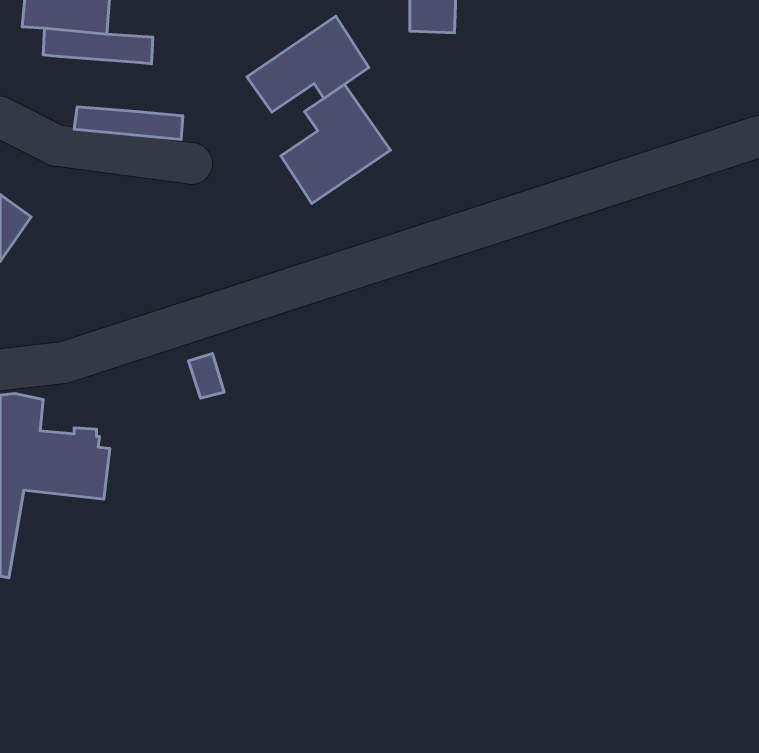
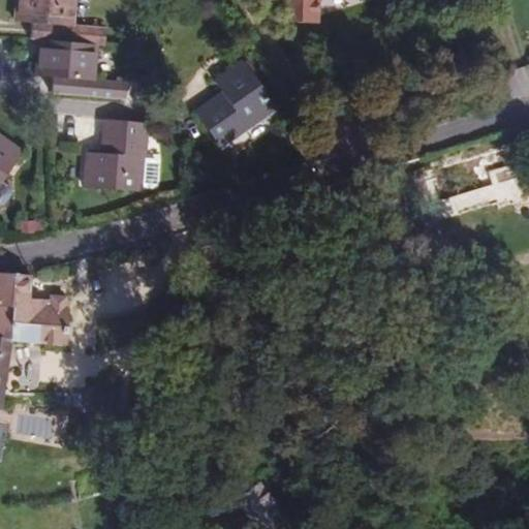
building: [247,16,369,112] -> none
building: none -> [38,39,97,77]
building: none -> [86,118,149,190]

